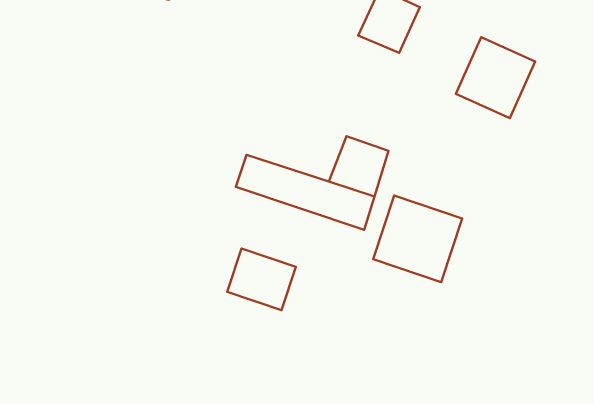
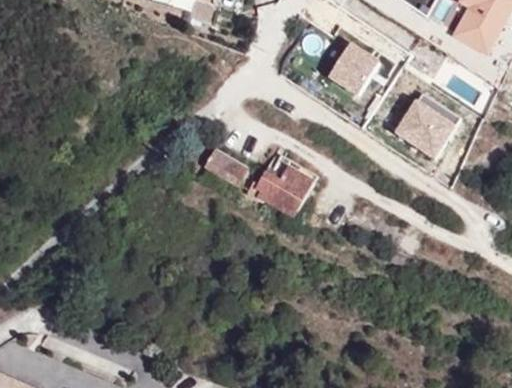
building: [373,196,462,282] -> none
building: [227,249,296,310] -> none

